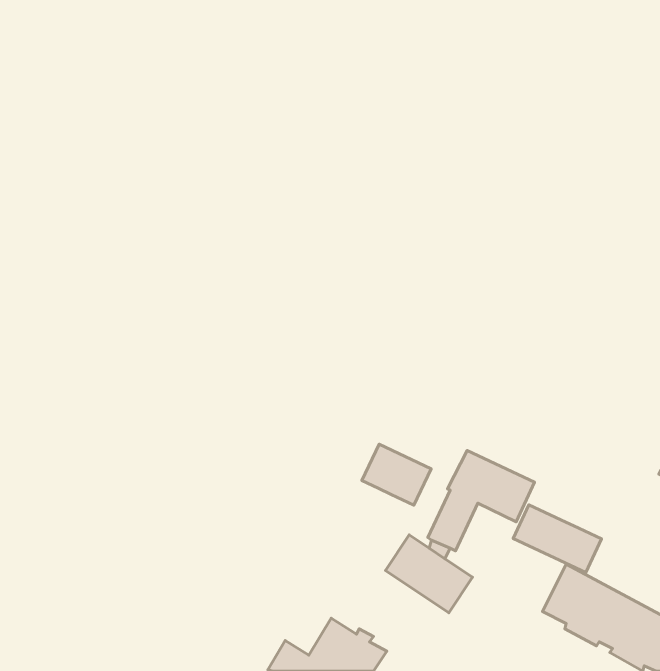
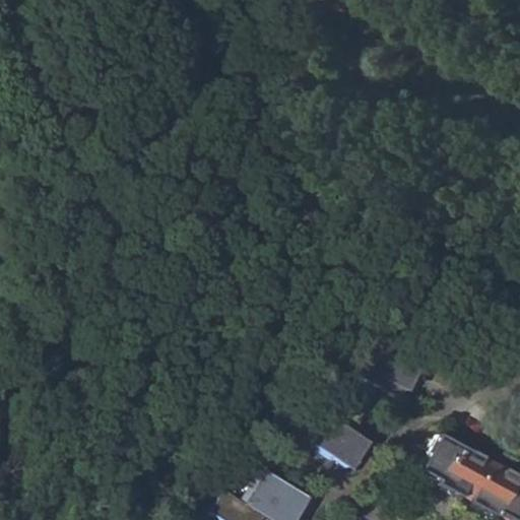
building: [362,444,431,505] -> none
building: [513,505,602,573] -> none

